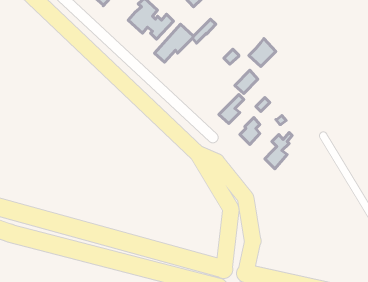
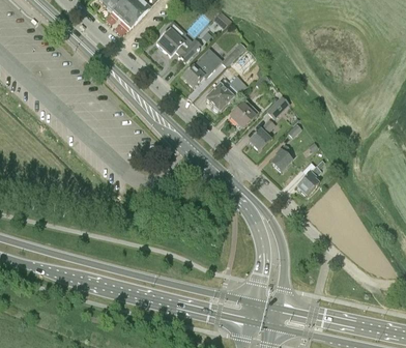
building: [249,38,276,67] -> [230,99,258,128]
building: none -> [205,79,238,112]

